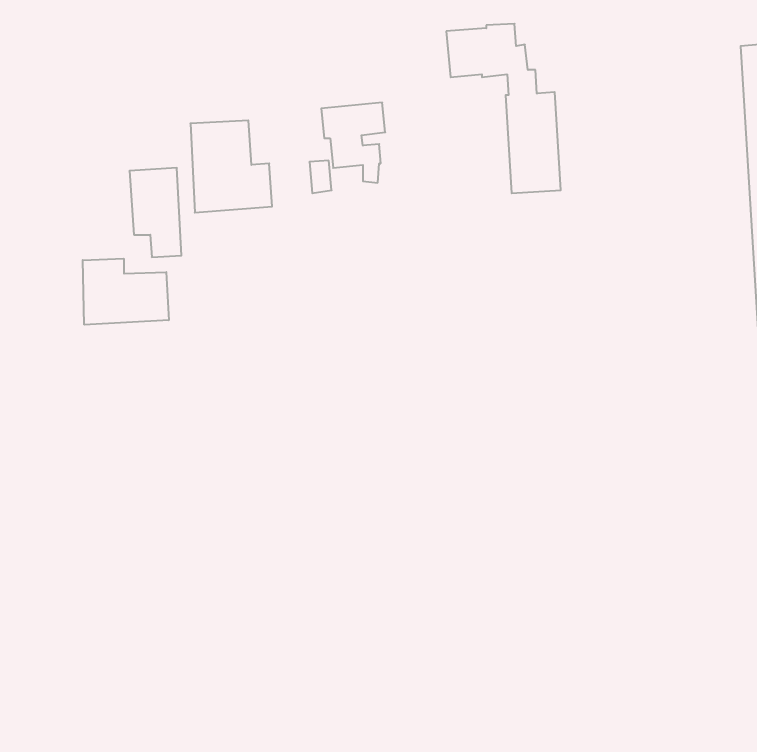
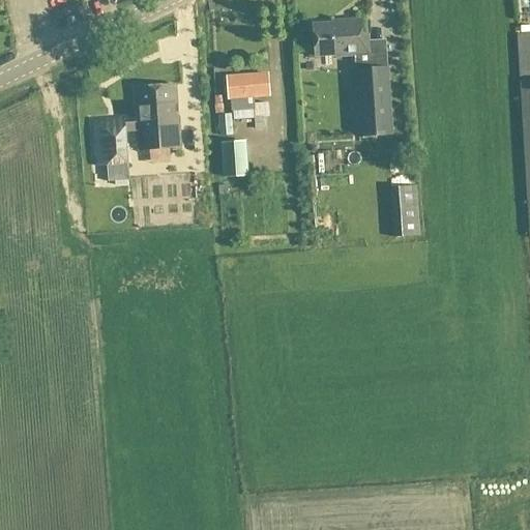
building: none -> [222,141,249,175]
building: [83,259,169,325] -> none
building: none -> [390,185,419,236]

